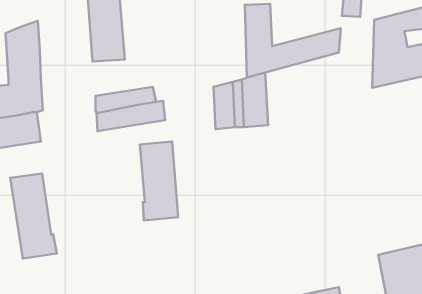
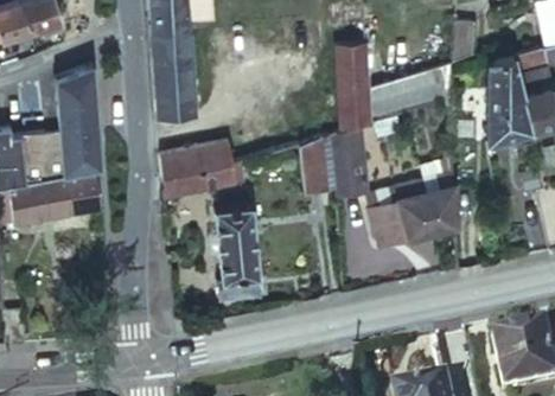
building: none -> [369,185,453,244]
building: [10,173,57,258] -> none

